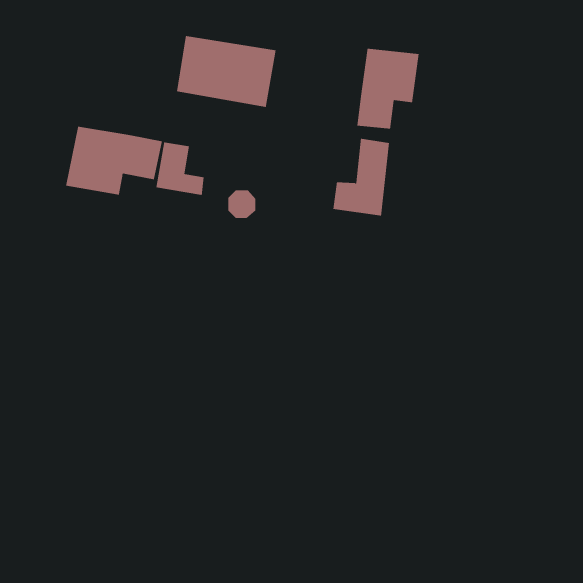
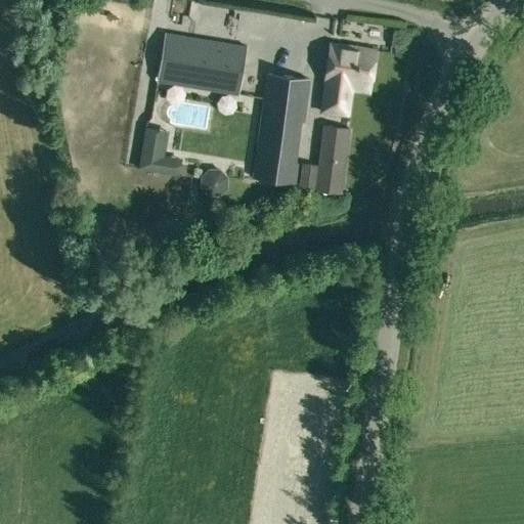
building: none -> [253,74,311,183]
building: [66,126,162,195] -> none

